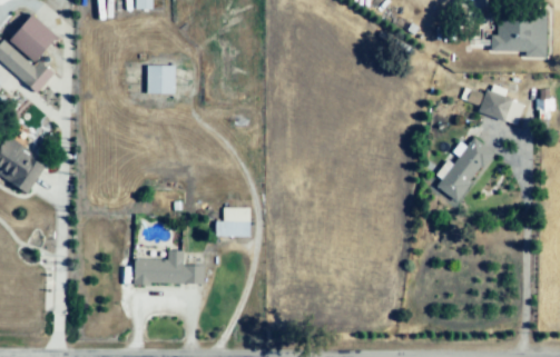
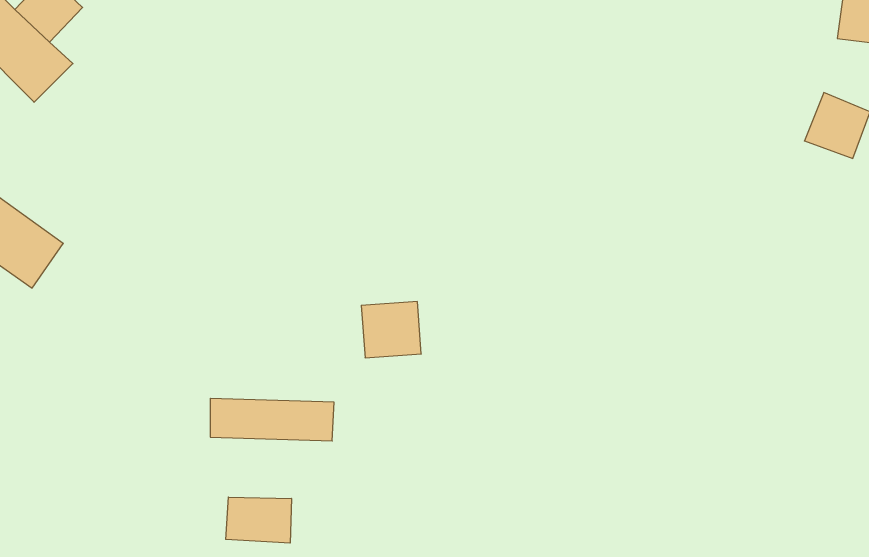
building: [145,61,175,95] -> none
building: [433,138,492,204] -> none
building: none -> [226,497,291,543]

